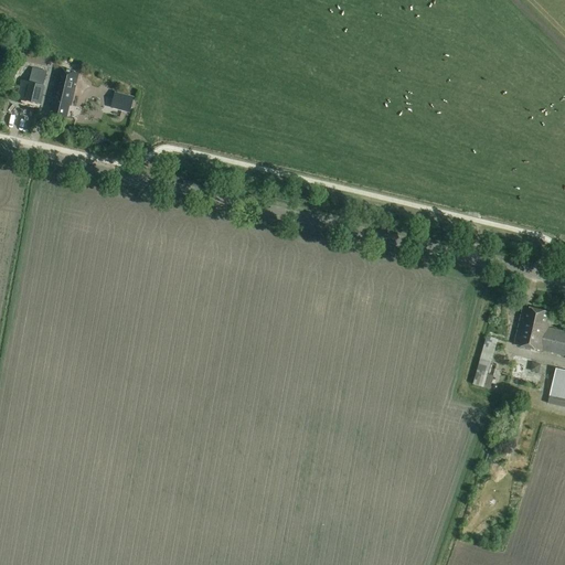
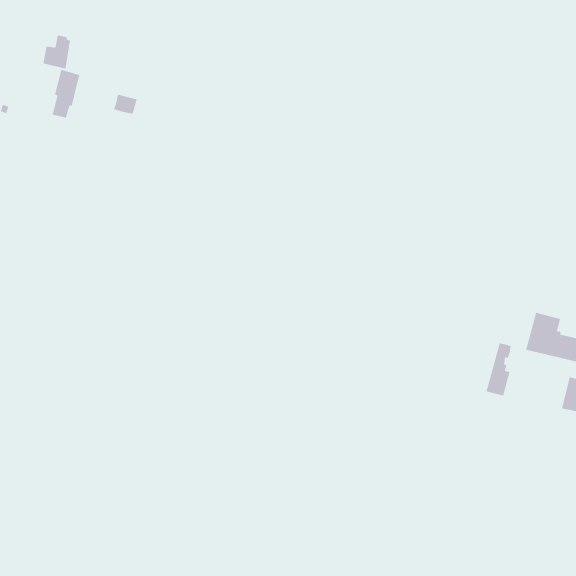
building: [19,68,46,103] -> [43,35,71,70]

